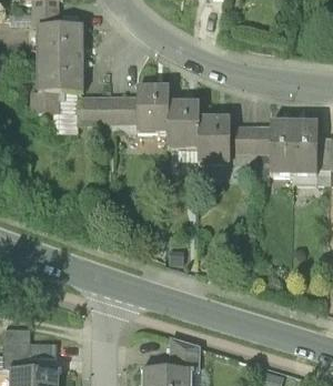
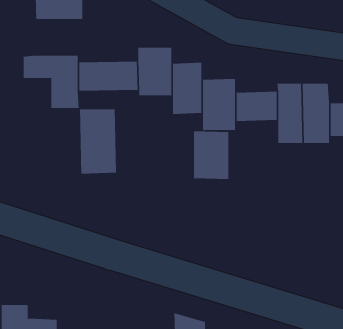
building: [37,55,82,90] -> none
building: none -> [80,109,116,175]
building: none -> [194,130,229,180]

